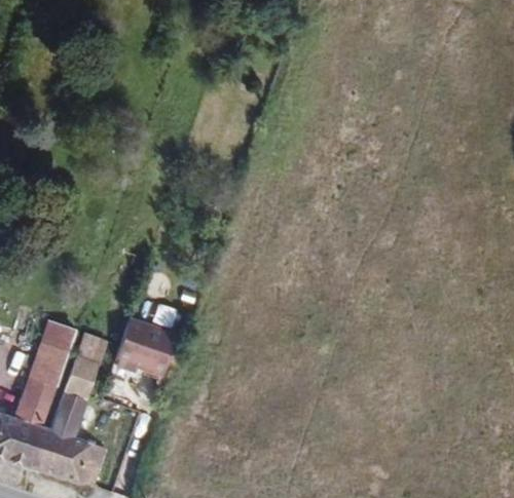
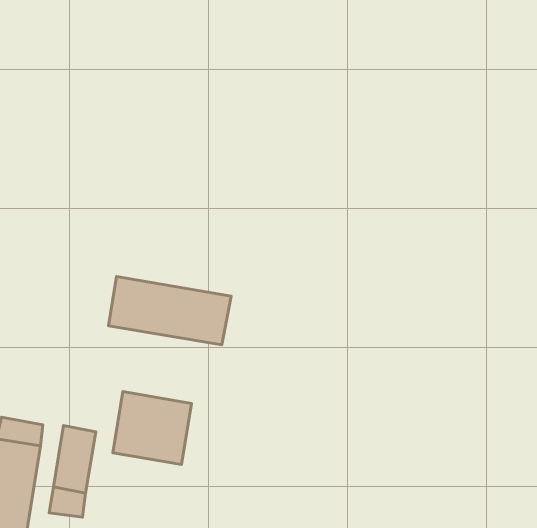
building: none -> [108,277,231,345]

